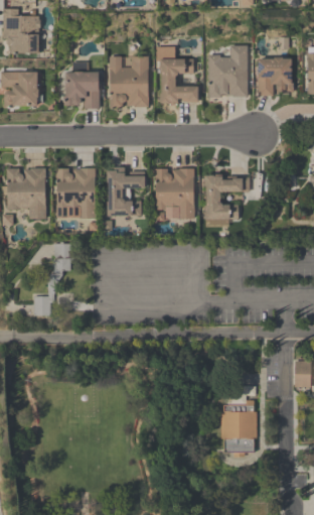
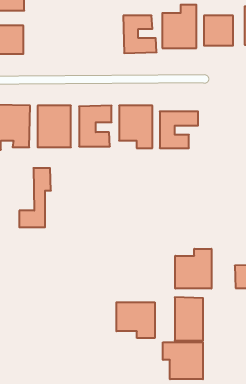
building: [109,56,150,107] -> none
building: [64,72,100,108] -> none
building: none -> [175,249,211,289]
building: none -> [116,302,155,338]
building: none -> [163,342,203,379]

